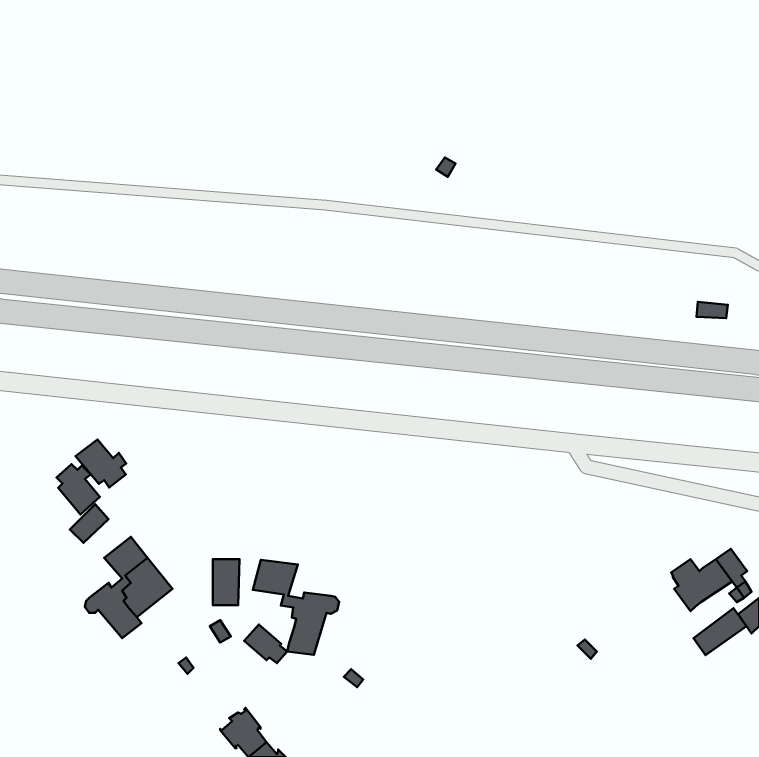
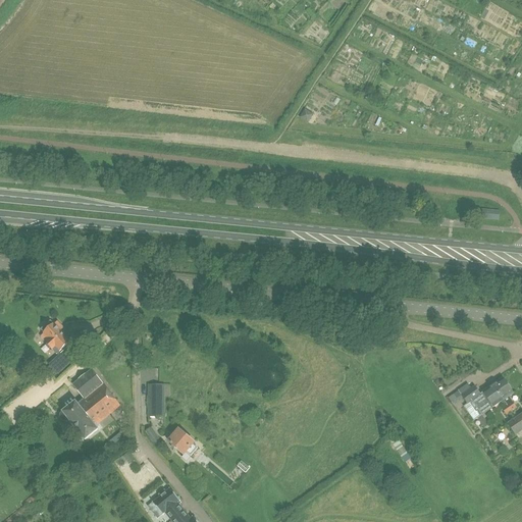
building: [75,439,126,487] -> none
building: [253,560,339,655] -> none
building: [693,608,746,655] -> none

